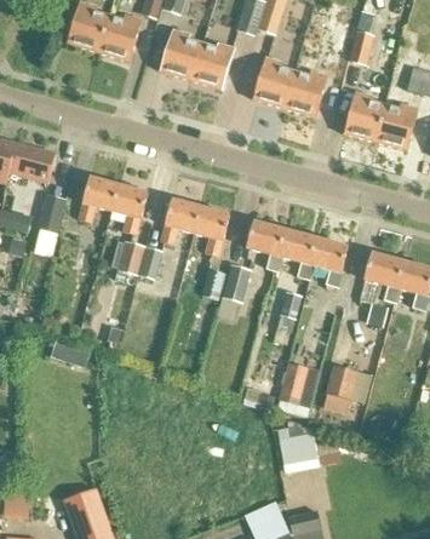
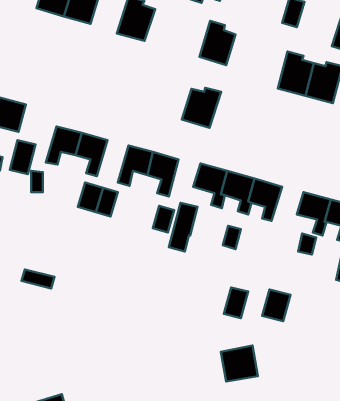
building: [191,42,235,90] -> none
building: [285,71,329,117] -> [182,88,221,128]

